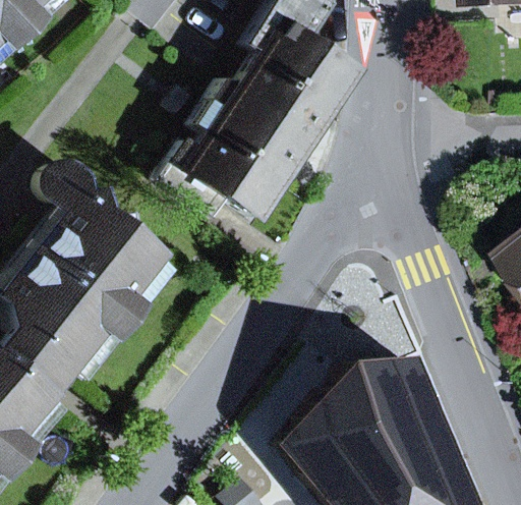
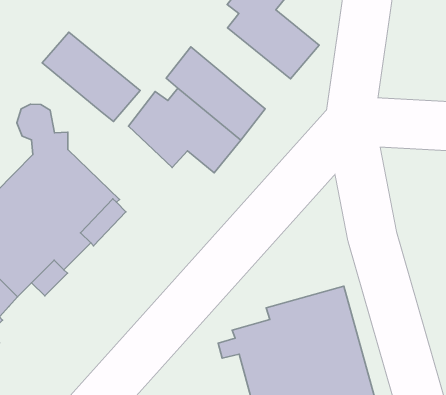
building: [212,66,321,148] -> none
building: none -> [42,32,140,121]

